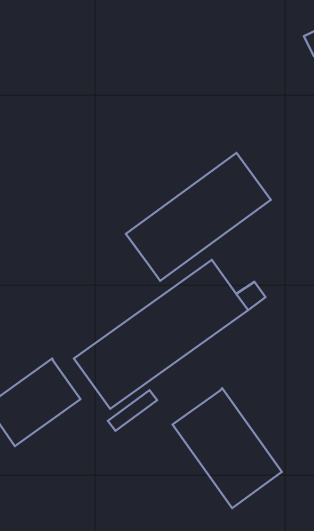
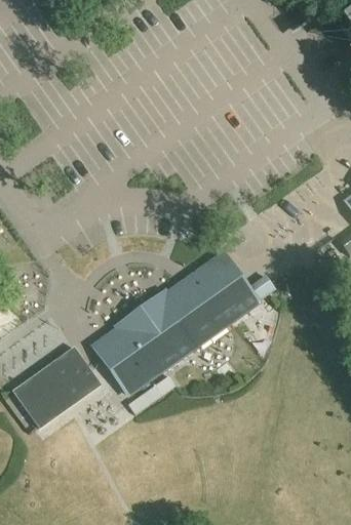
building: [126,153,271,281] -> none
building: [172,388,282,508] -> none

